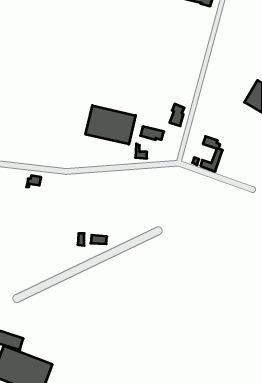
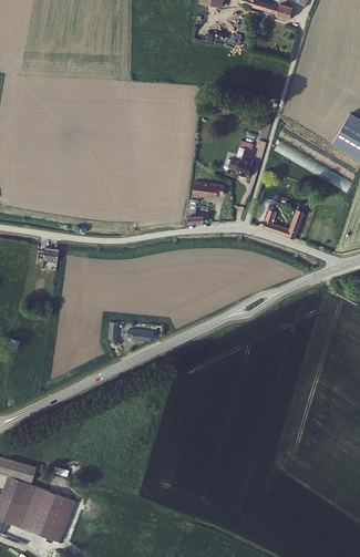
building: [86,105,136,144] -> none

